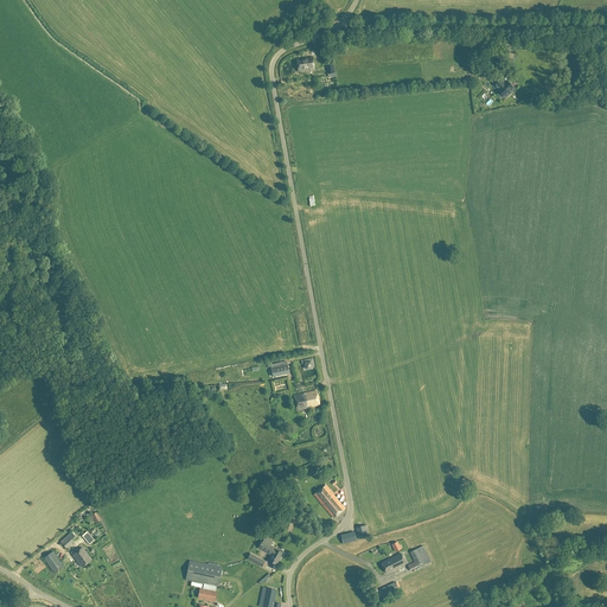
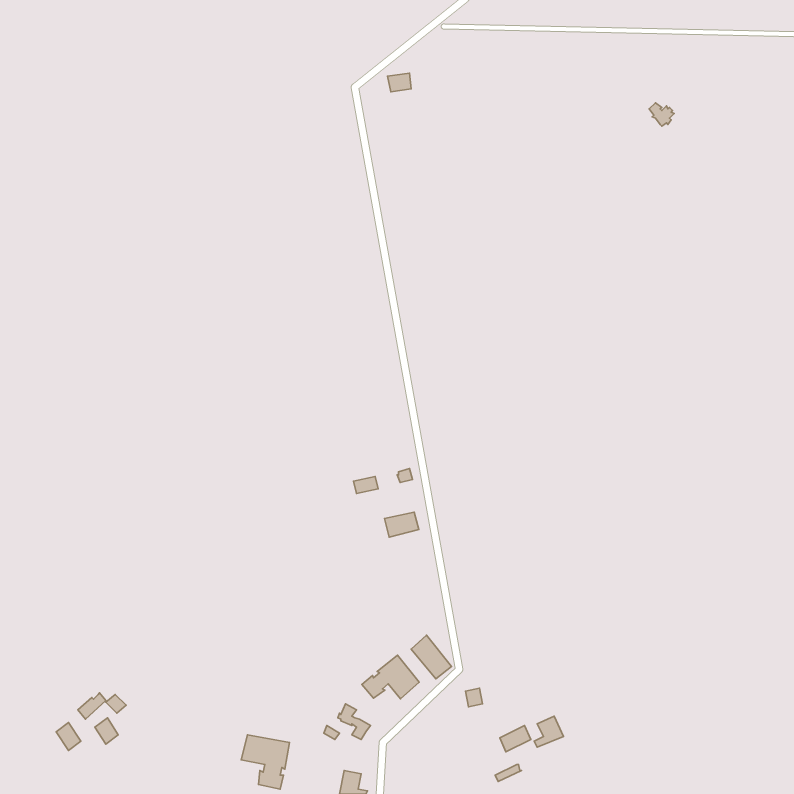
building: none -> [362,655,419,699]

